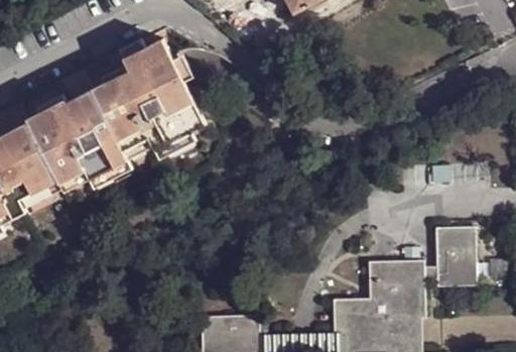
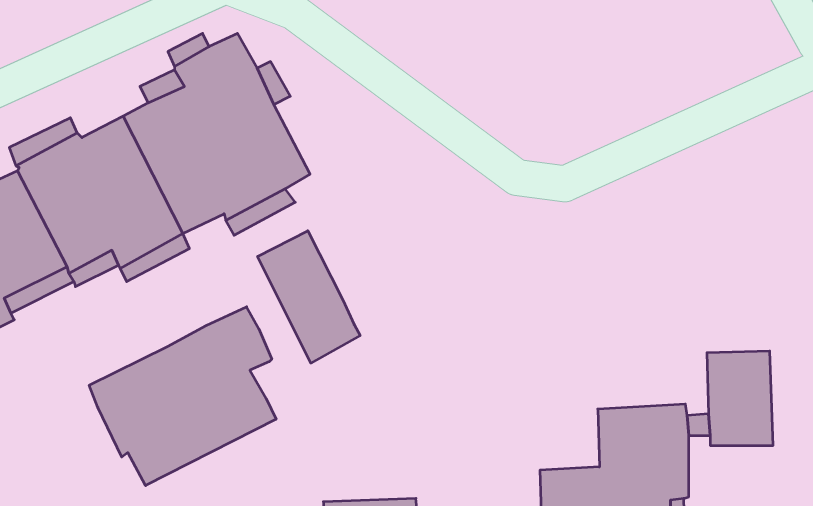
building: none -> [258,231,360,363]
building: none -> [89,307,276,486]

